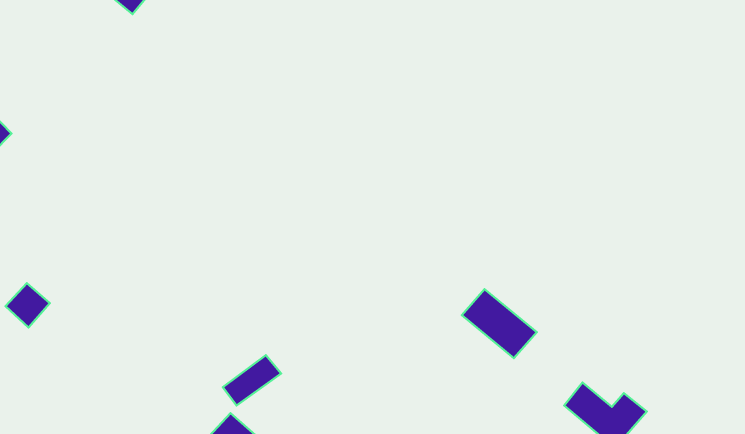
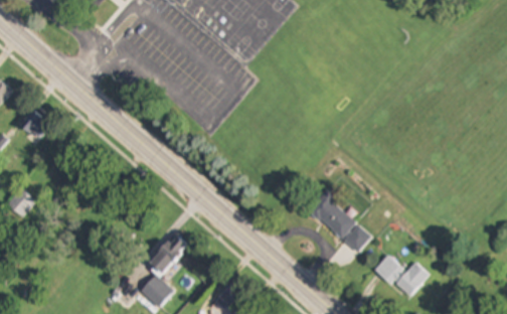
building: none -> [22,112,50,140]
building: none -> [343,223,370,251]

